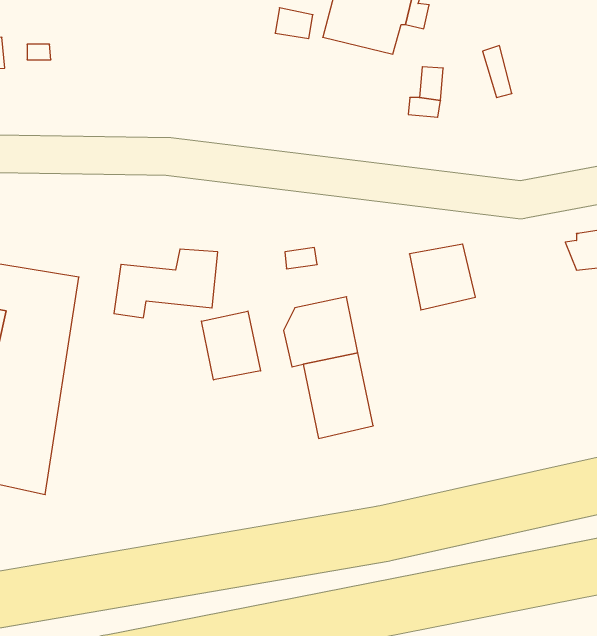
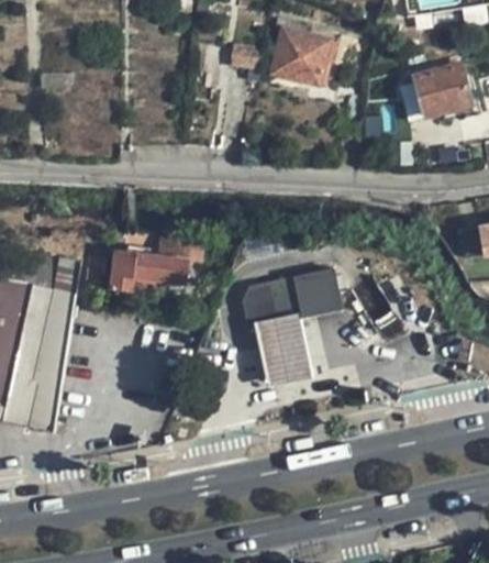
building: none -> [415,63,469,117]
building: [409,244,475,310] -> [290,268,342,320]
building: [201,311,261,380] -> none

